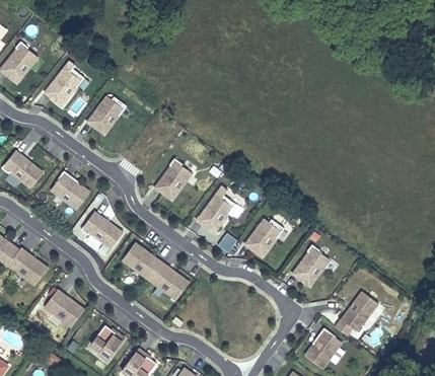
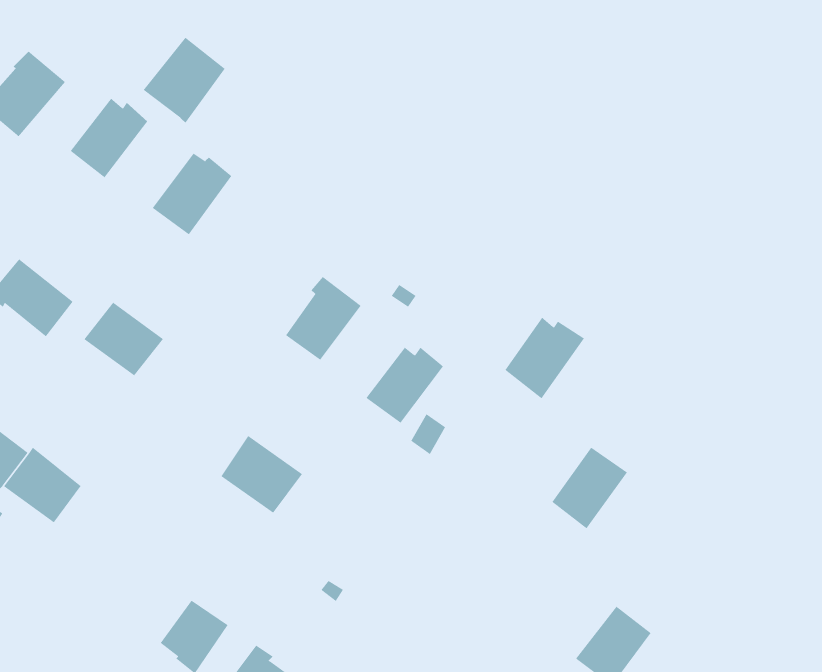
building: none -> [143,37,225,123]
building: [79,211,122,249] -> none
building: [242,218,284,260] -> [505,317,585,399]
building: [147,260,191,302] -> none
building: [43,289,84,327] -> none
building: [334,290,379,337] -> none

